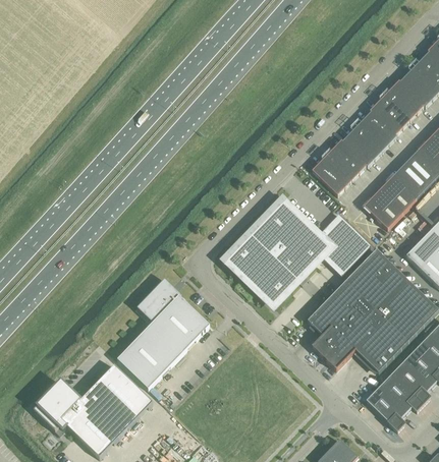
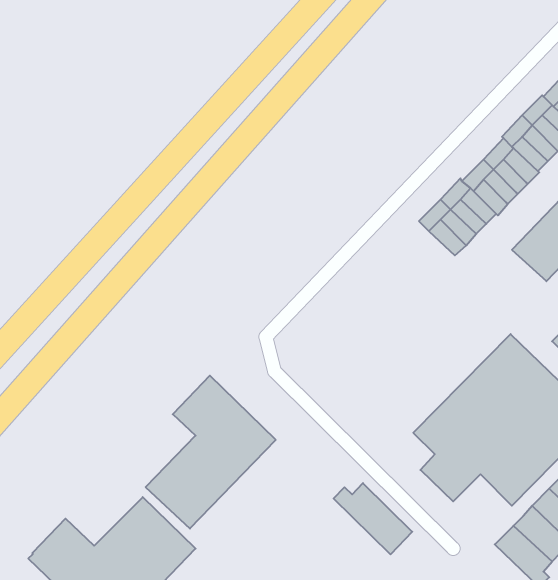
building: [364,189,402,228] -> none
building: [226,197,372,304] -> none
building: none -> [334,483,412,554]

